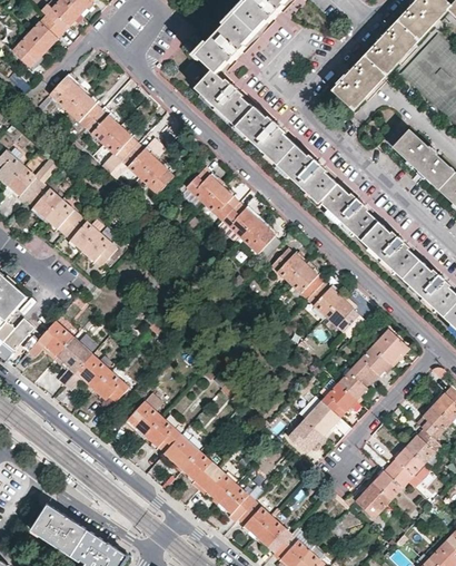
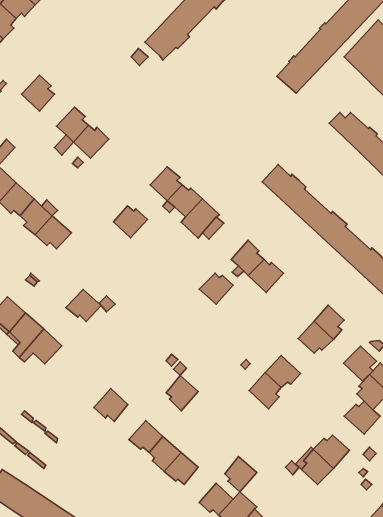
building: [195,69,335,201] -> none
building: [49,75,86,109] -> none
building: [86,109,122,143] -> none
building: [139,156,172,193] -> none
building: [184,170,219,204] -> [114,206,148,238]
building: [268,250,304,282] -> [199,273,233,304]
building: [323,296,356,333] -> none
building: [338,364,373,401] -> [343,346,376,381]
building: [91,372,128,406] -> [66,290,101,321]
building: [126,390,160,437] -> none
building: [289,419,325,451] -> none
building: [163,433,197,470] -> [166,376,198,411]
building: [391,446,430,487] -> none
building: [237,499,270,536] -> [225,457,257,492]

